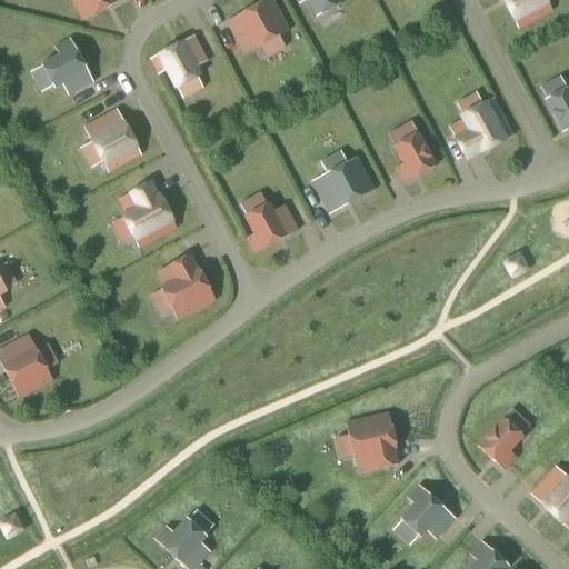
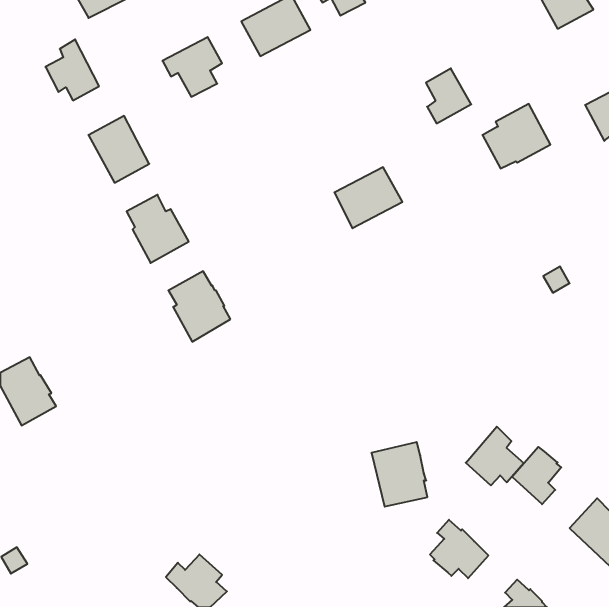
building: [395,131,437,182] -> [426,68,471,123]
building: [247,202,298,251] -> none
building: none -> [466,427,524,485]

